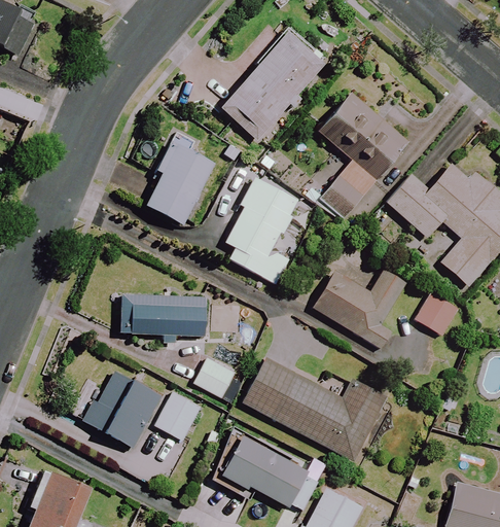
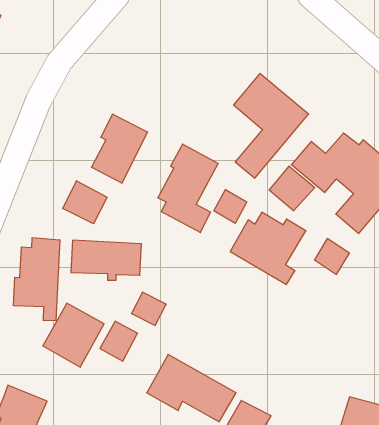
building: [222,30,326,141] -> none
building: none -> [269,166,315,211]
building: none -> [63,181,107,224]
building: none -> [214,189,247,223]
building: none -> [14,238,60,321]
building: [241,356,388,461] -> none

